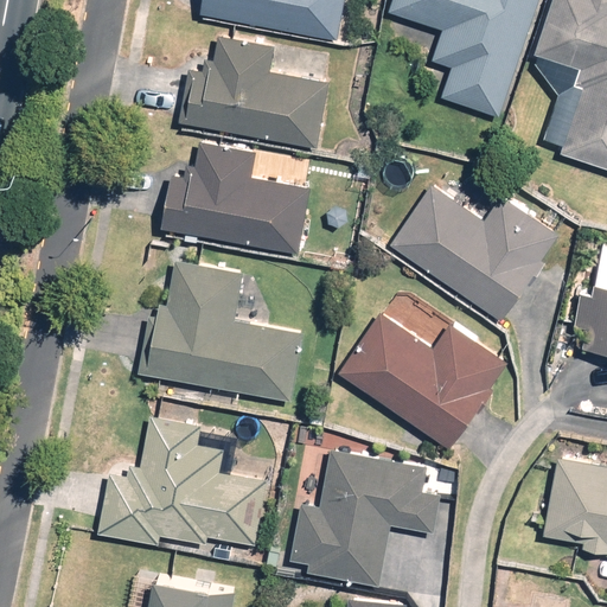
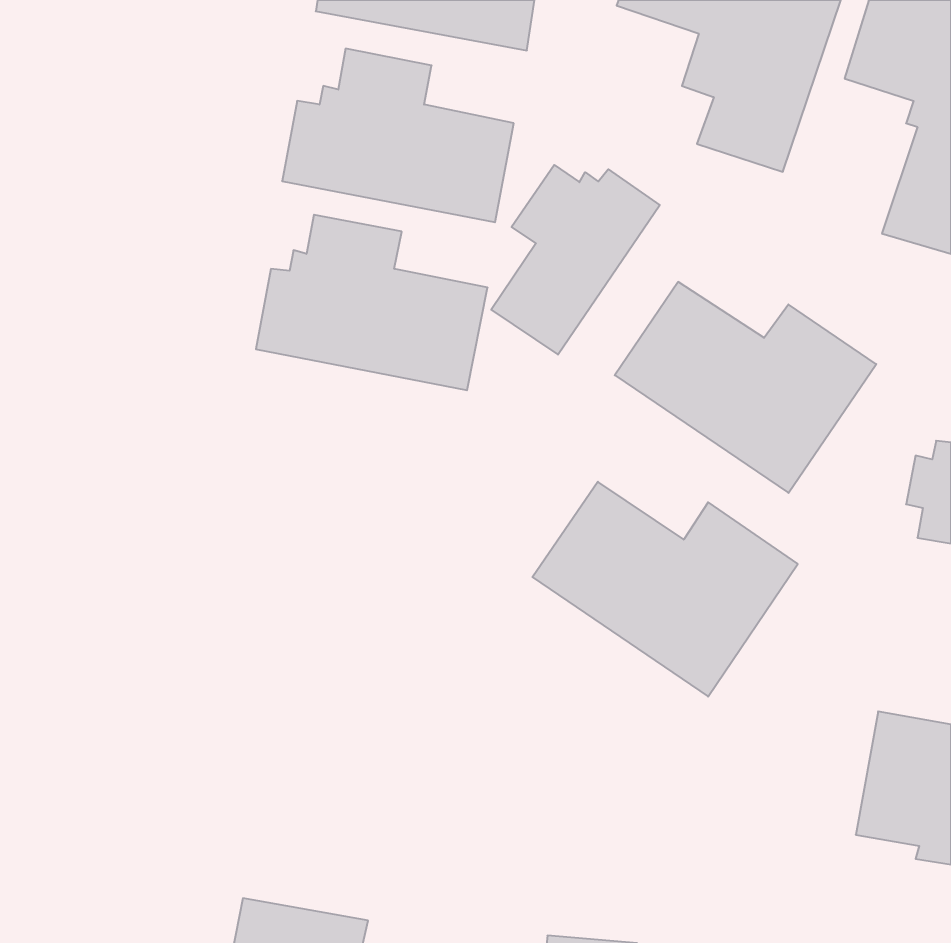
building: none -> [491,165,660,355]
building: [139,262,305,402] -> none
building: [98,418,266,547] -> none
building: [290,451,440,586] -> none

